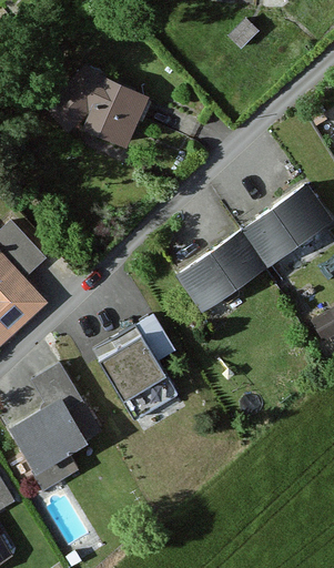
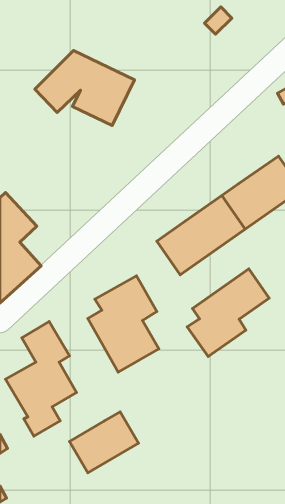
building: none -> [187,269,269,356]
building: none -> [70,412,138,473]

